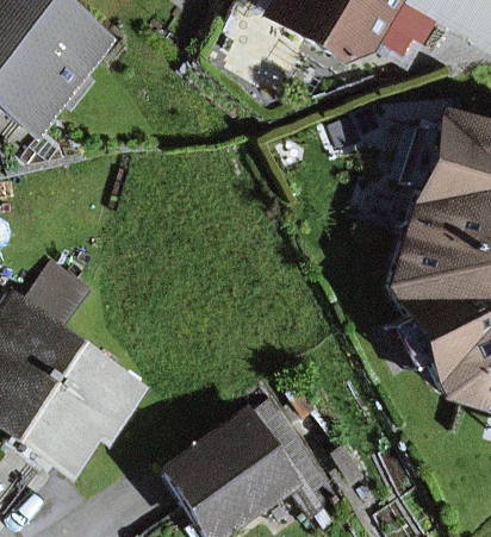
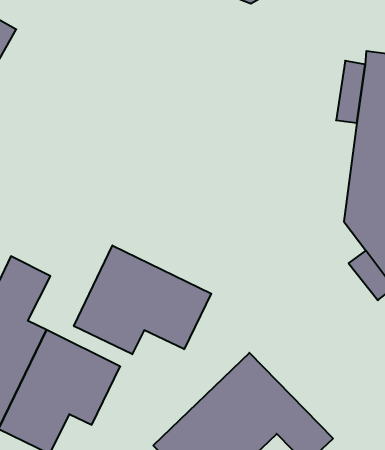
building: none -> [74,245,211,354]

